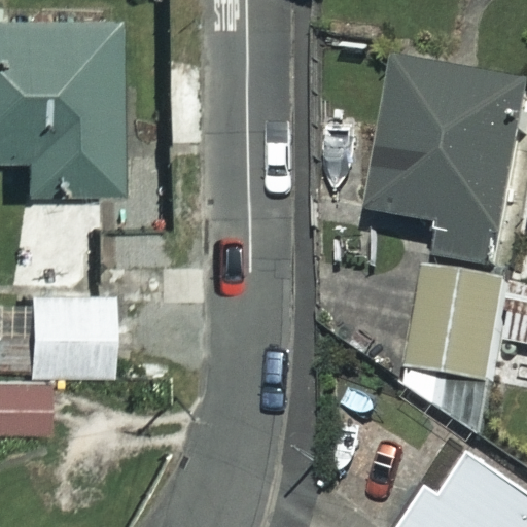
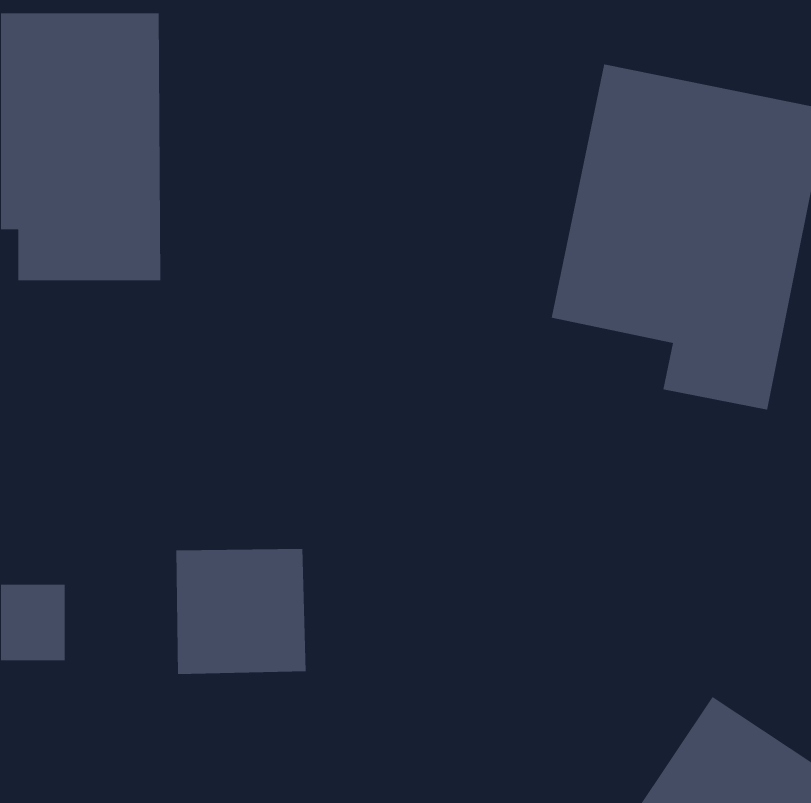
building: [408,277,508,390] -> none
building: [25,296,109,378] -> [176,548,307,675]

